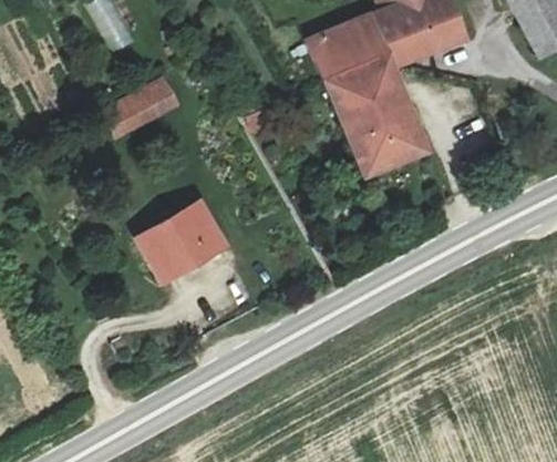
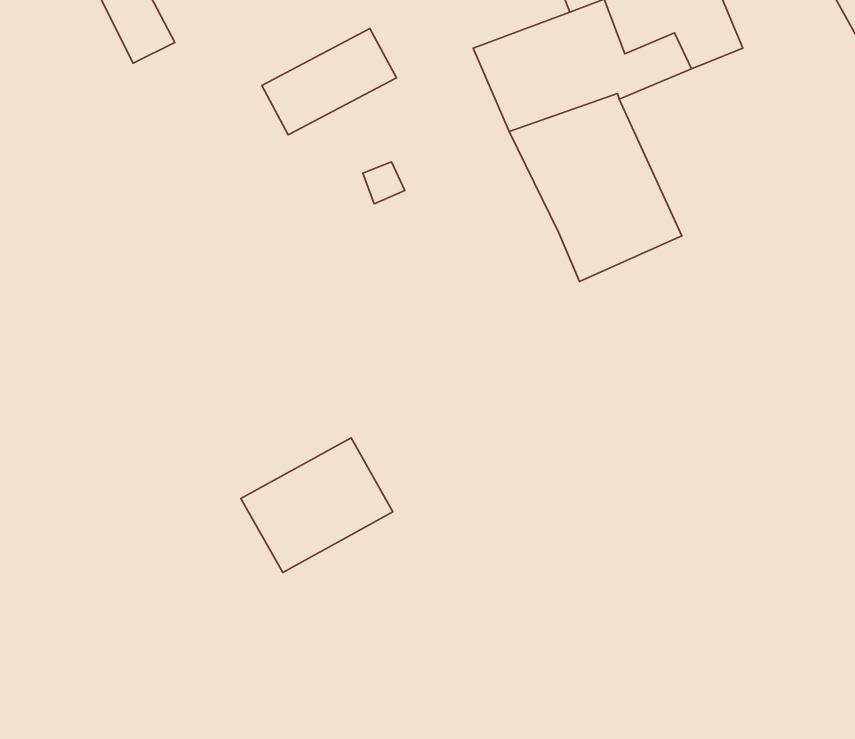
building: [100,73,178,135] -> [262,29,397,135]
building: [142,205,230,284] -> [241,438,393,573]

